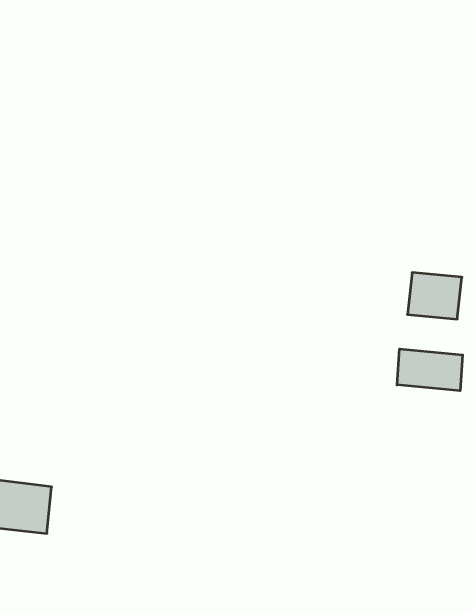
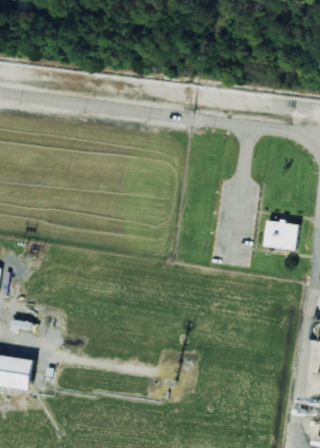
building: [397,349,463,391] -> none

